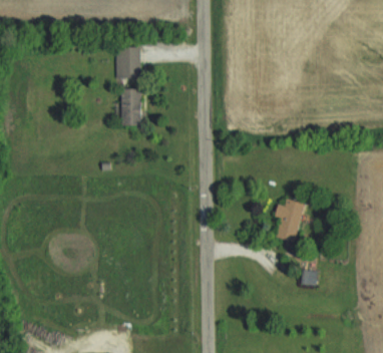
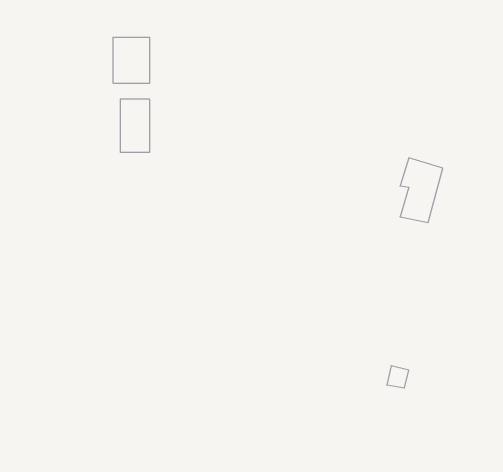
building: [276,198,305,242] -> [400,158,443,223]

